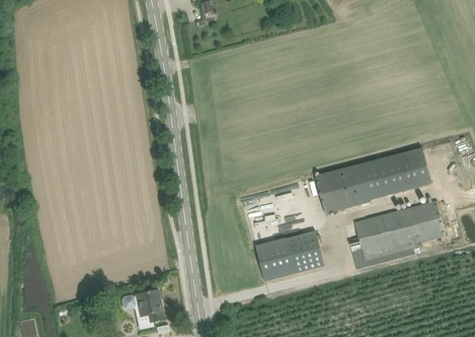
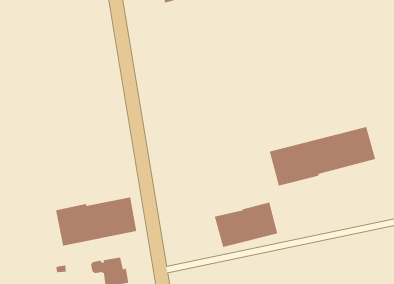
building: [350,200,446,268] -> none
building: none -> [55,197,137,247]

